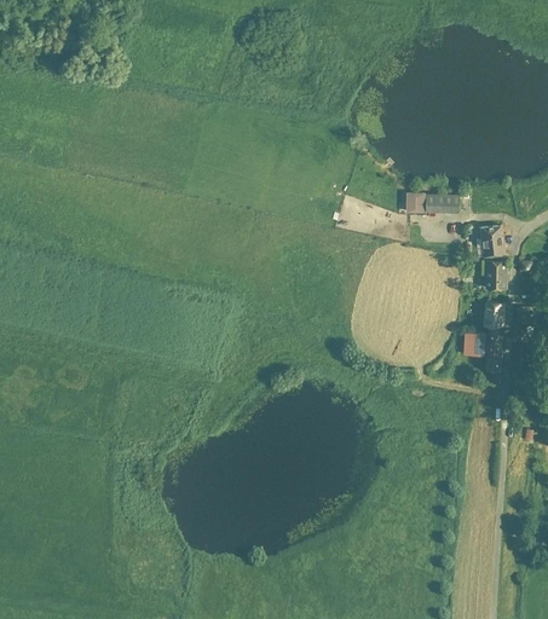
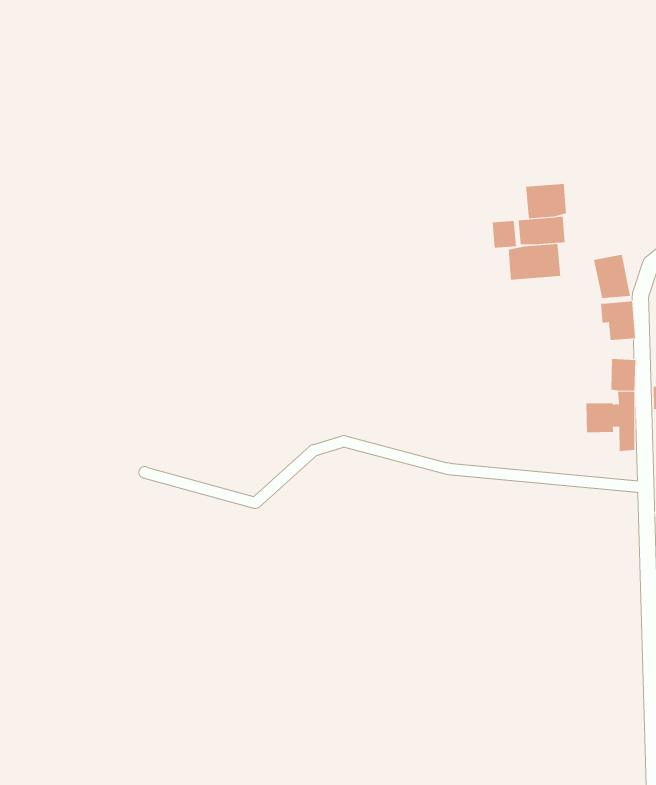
building: none -> [526,183,567,219]
building: none -> [508,243,561,281]

